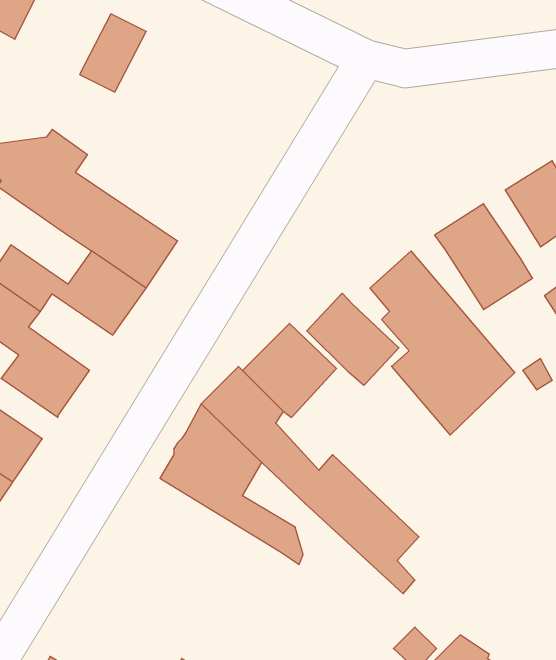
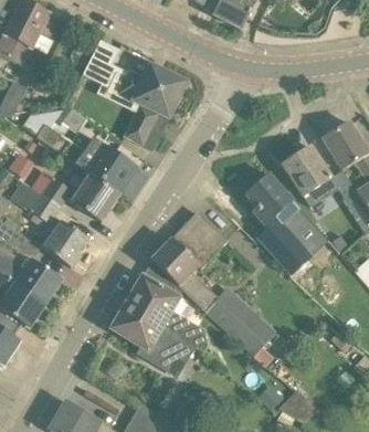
building: none -> [118,66,181,151]
building: [307,293,399,385] -> none
building: none -> [110,302,196,376]

